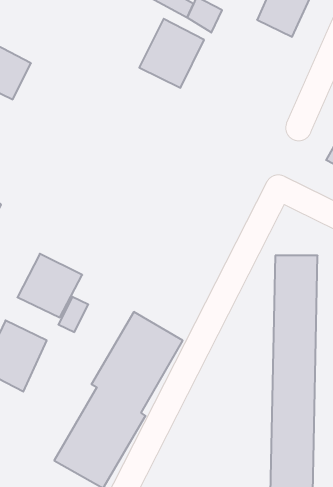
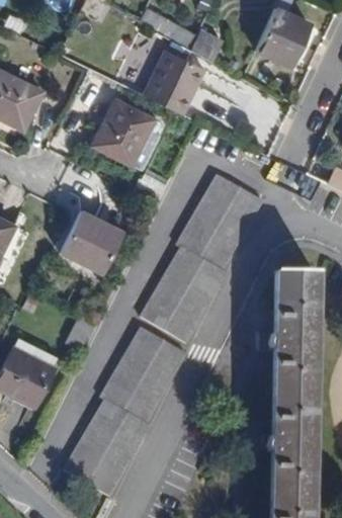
building: none -> [94,100,154,163]
building: none -> [143,174,266,343]
building: [17,254,82,317] -> [61,210,122,271]

